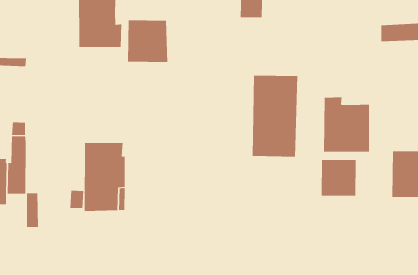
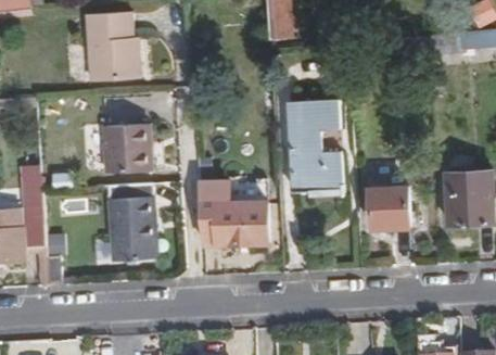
building: [127,20,168,63] -> [104,122,152,170]
building: [324,97,370,153] -> none
building: none -> [199,182,266,244]

